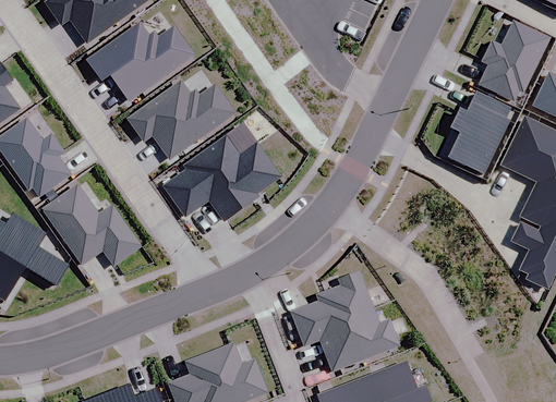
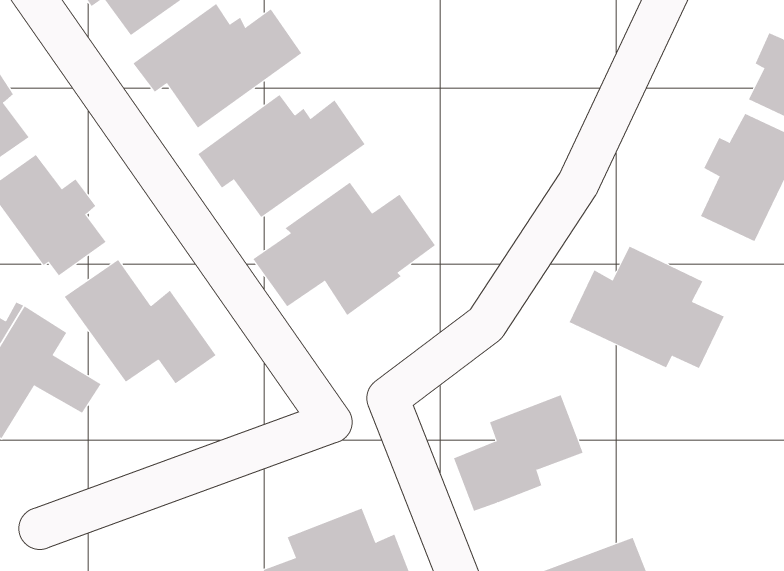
building: none -> [569,246,724,369]
building: [319,308,399,371] -> none

